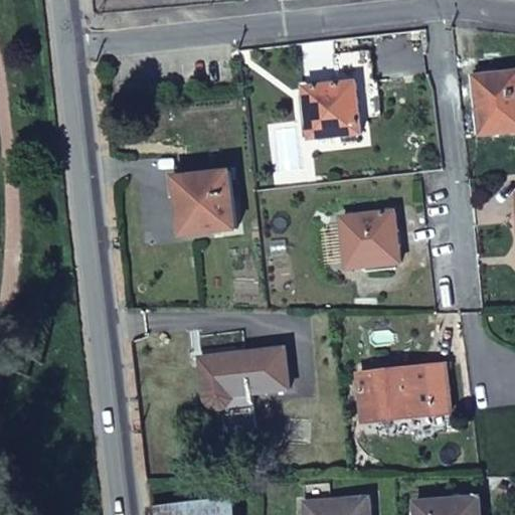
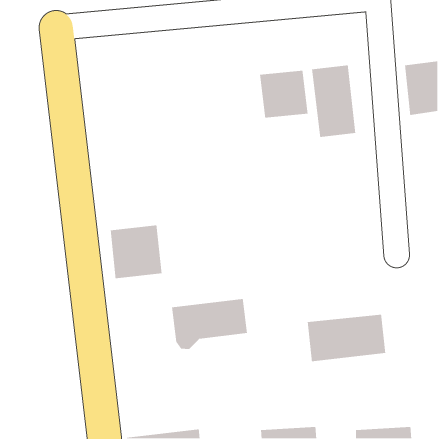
building: none -> [311,64,356,138]
building: [173,171,234,234] -> [110,225,162,279]
building: [339,210,397,268] -> none

